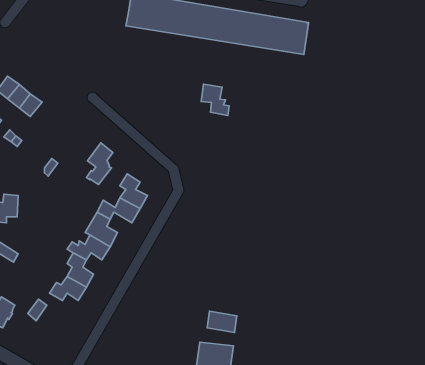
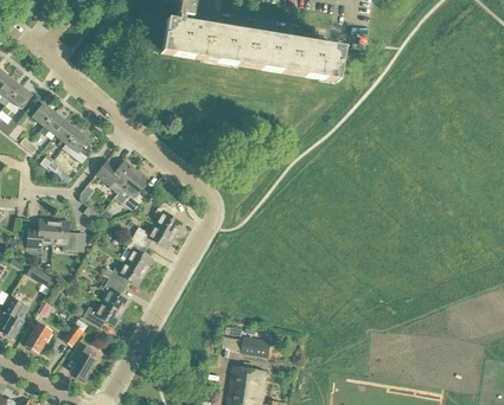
building: [201,84,229,115] -> none
building: none -> [62,128,91,162]
building: none -> [95,159,135,186]
building: none -> [52,220,84,250]
building: none -> [70,341,94,380]

